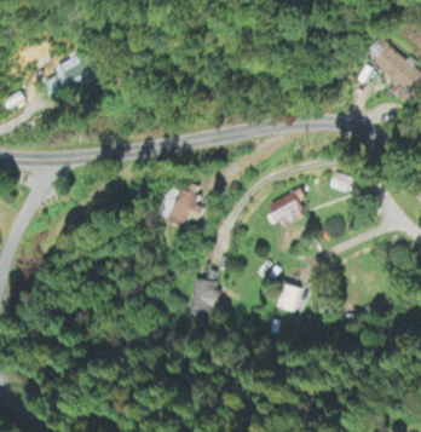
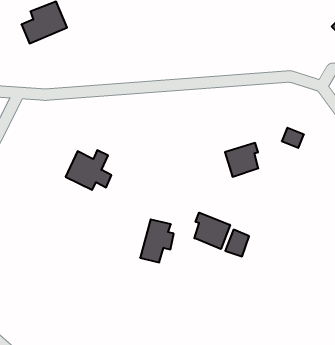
building: [156,182,204,224] -> [66,150,111,190]
building: none -> [194,213,230,249]

